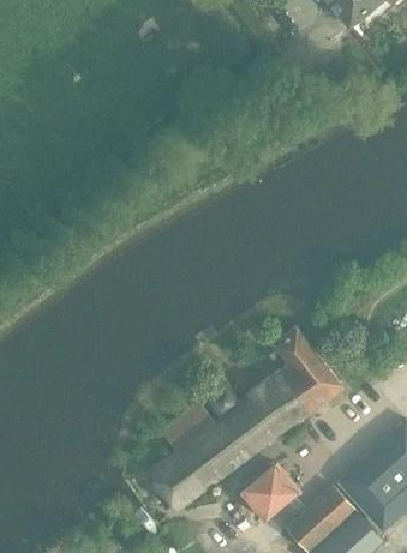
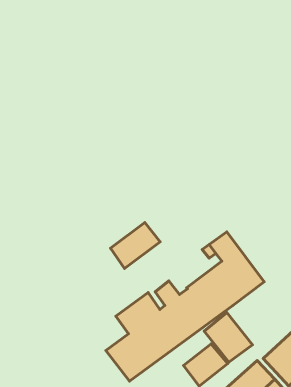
building: none -> [111,222,160,269]
building: none -> [204,312,252,362]

